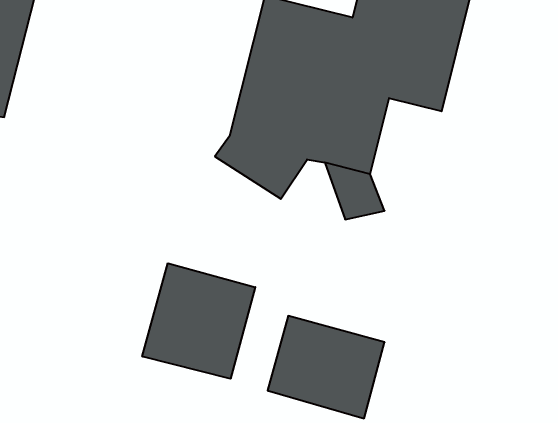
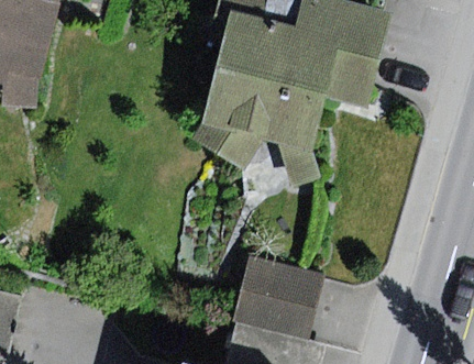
building: [142,263,255,379] -> none

